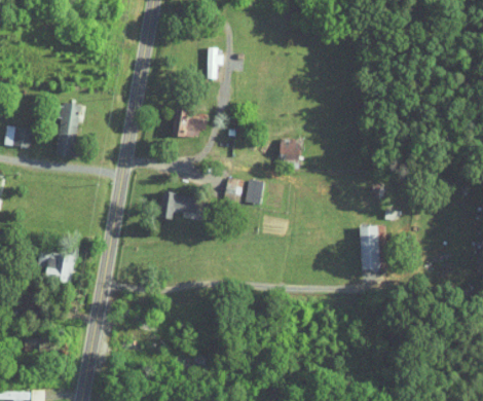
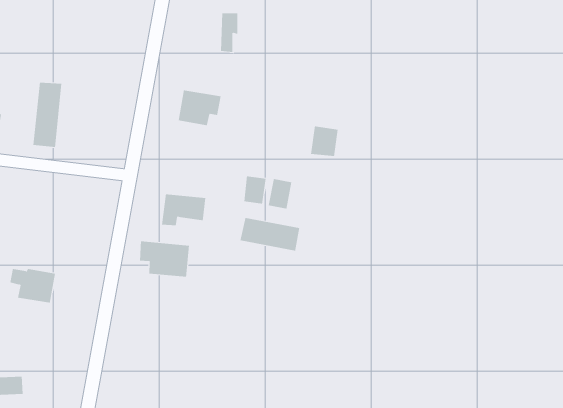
building: none -> [240,217,300,251]
building: [360,225,379,270] -> none
building: none -> [139,241,190,278]

